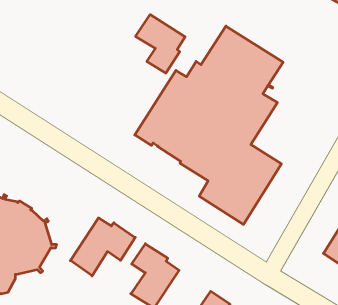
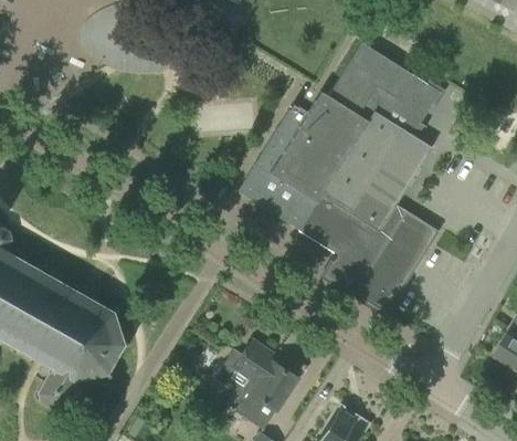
building: [136,15,185,73] -> none
building: [70,218,135,276] -> none

